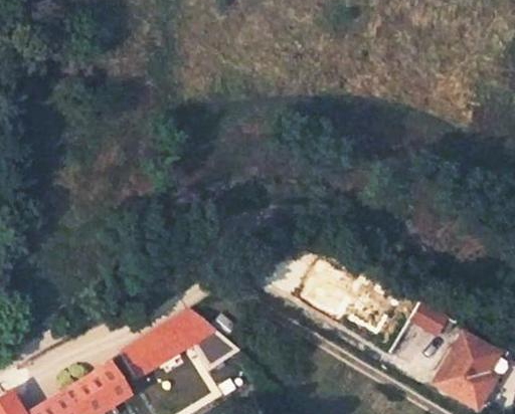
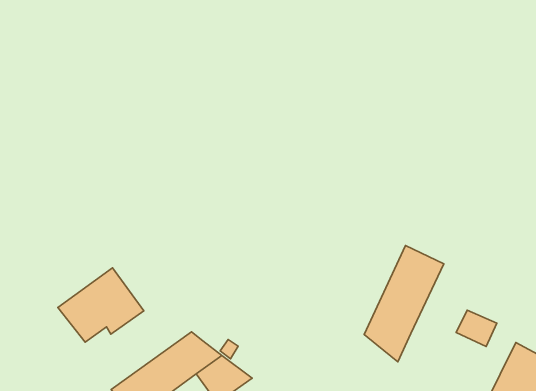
building: none -> [364,245,444,362]
building: none -> [58,268,144,342]

